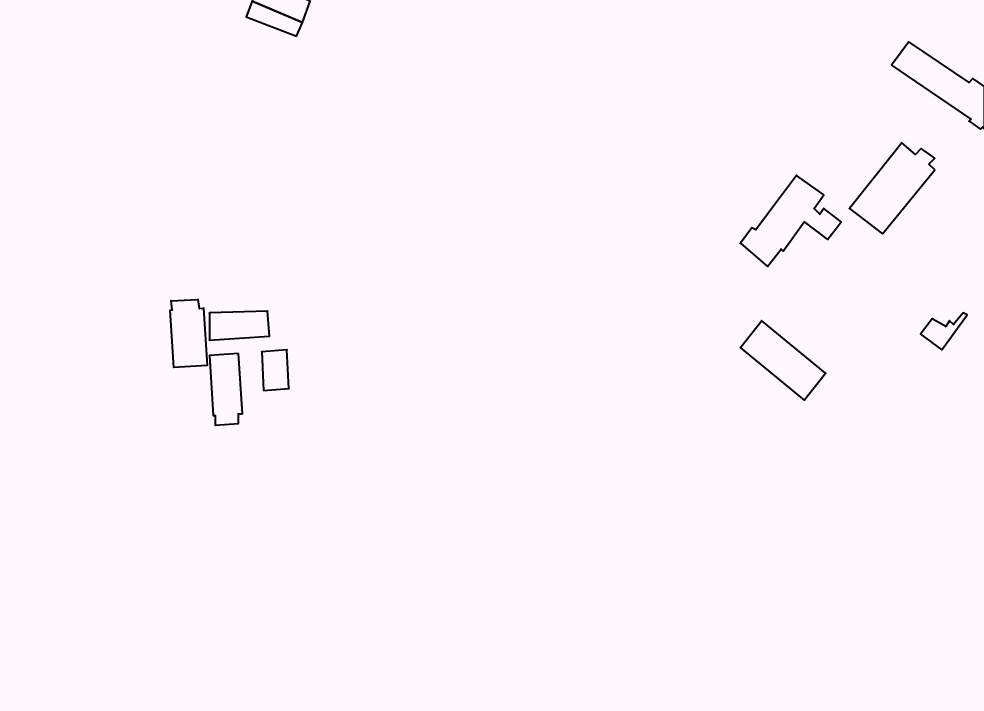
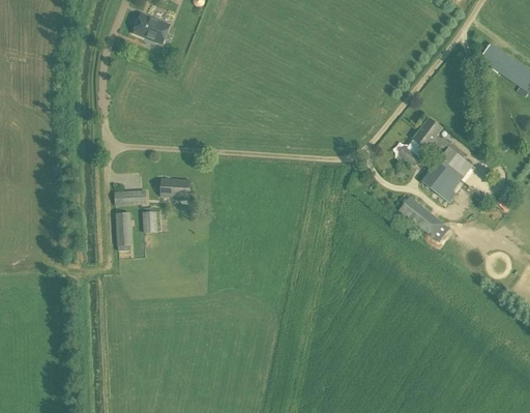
building: [849,143,935,234] -> [421,146,467,195]
building: none -> [160,178,190,197]
building: [170,299,207,367] -> none

